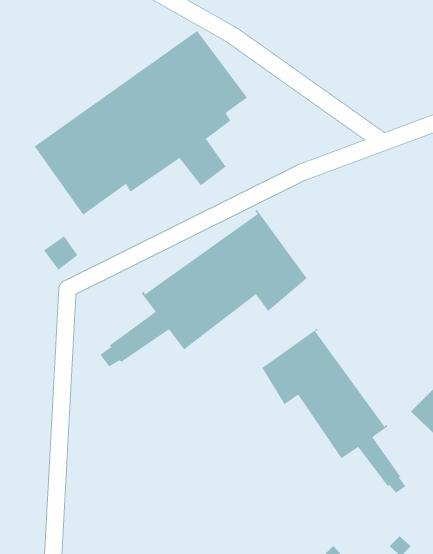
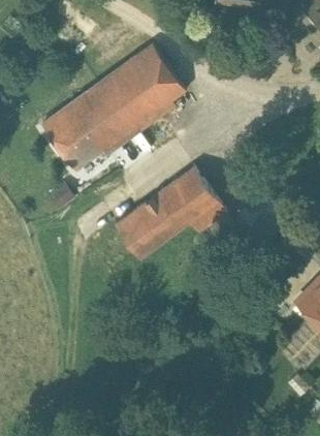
building: [261,328,406,494] -> none

